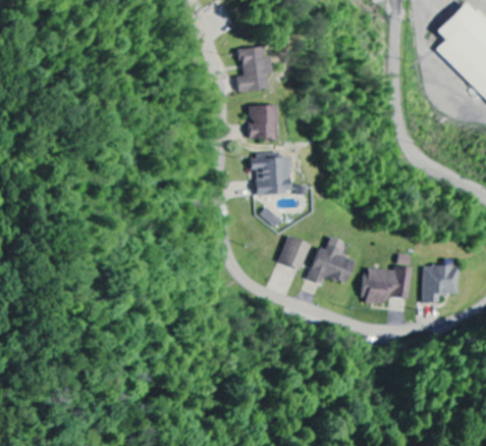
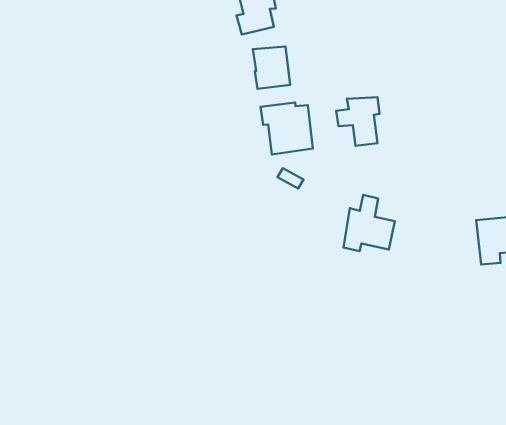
building: none -> [336,97,380,146]
building: [278,236,309,268] -> none
building: [363,265,411,304] -> none

